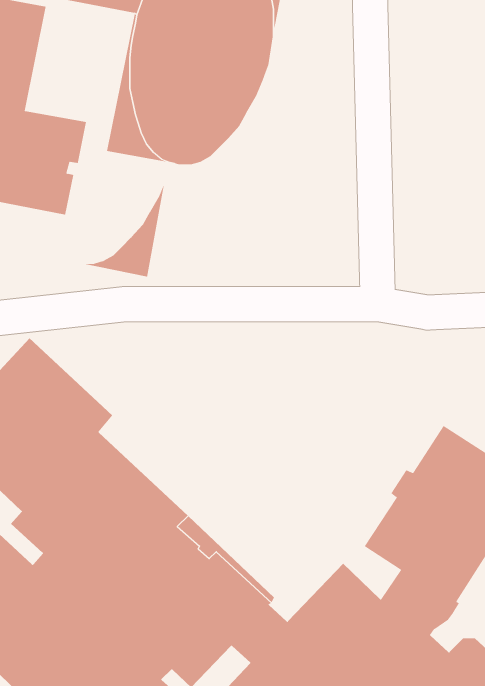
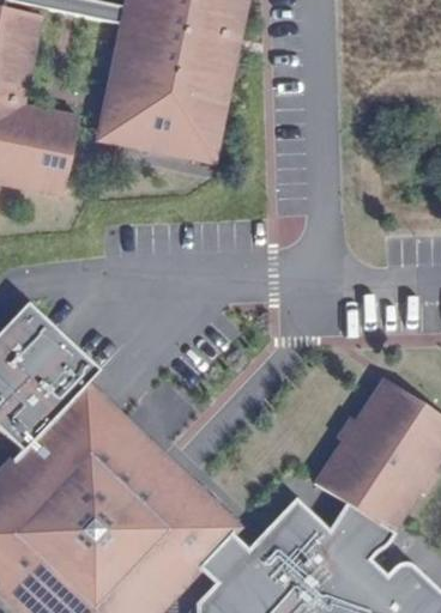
building: [81,179,166,277] -> [155,83,228,168]

